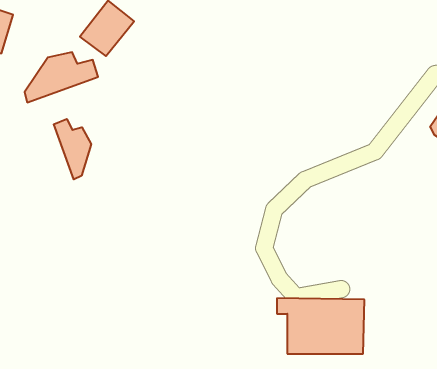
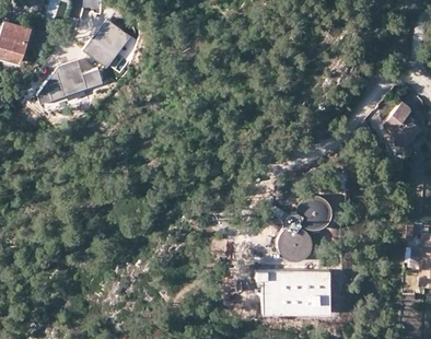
building: [54,119,91,179] -> none
building: none -> [278,192,330,257]

